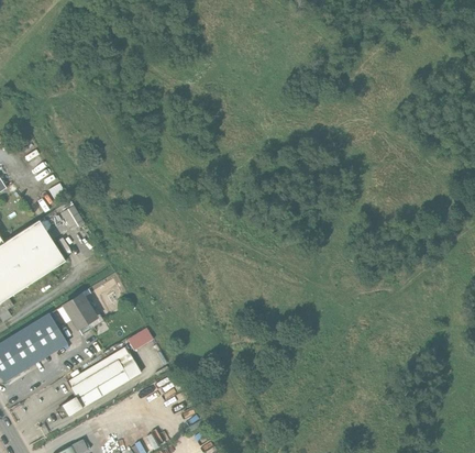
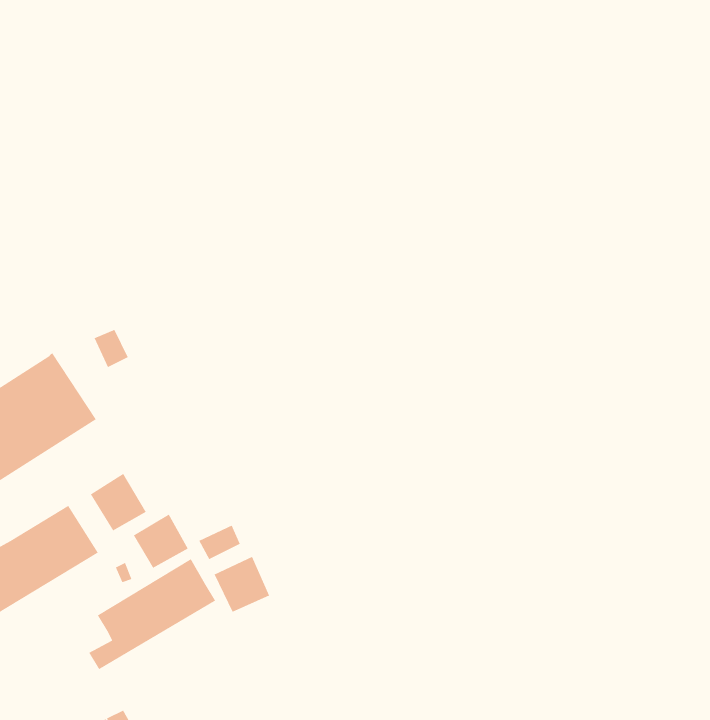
building: none -> [133,514,189,569]
building: none -> [213,556,270,613]

